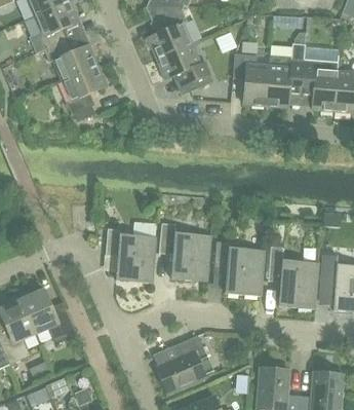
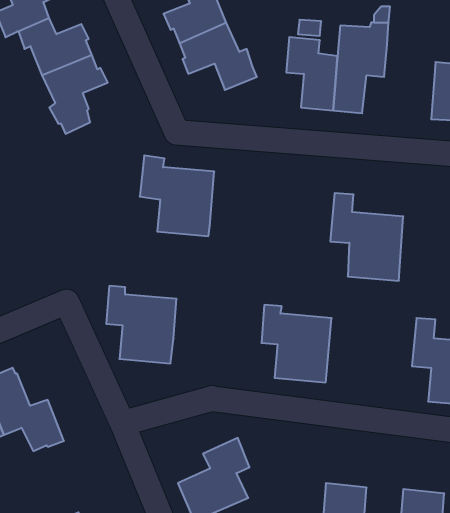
building: [302,59,339,111] -> none
building: [159,224,211,281] -> [140,156,214,236]
building: [267,247,318,308] -> [330,193,403,281]

